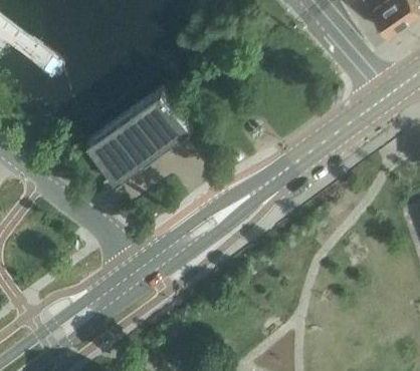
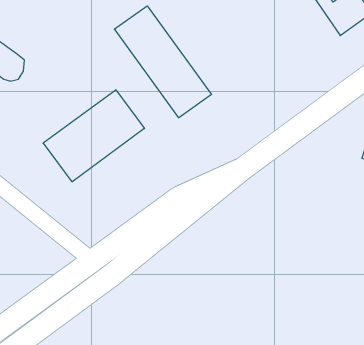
building: none -> [114,6,212,118]

